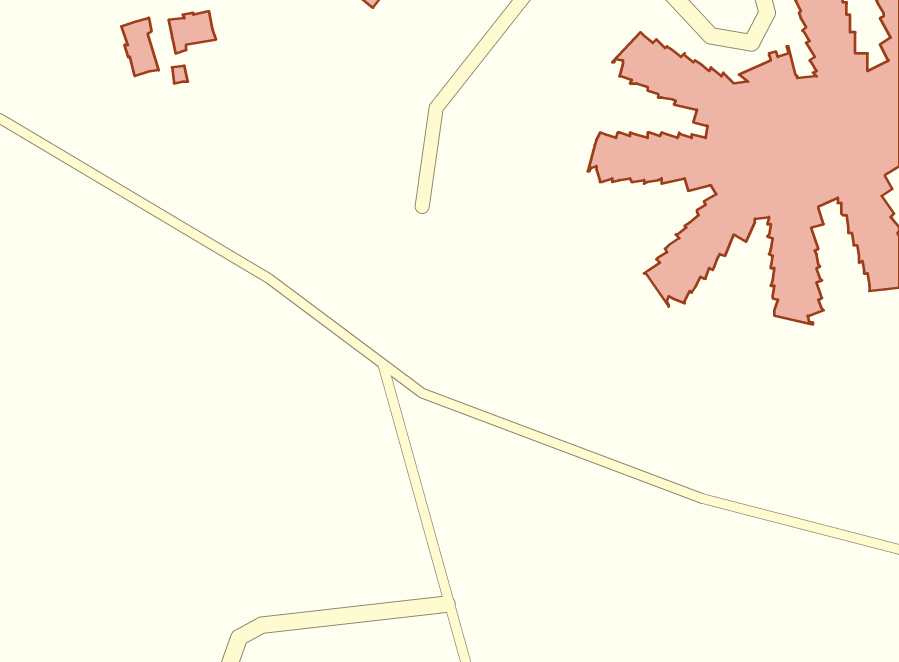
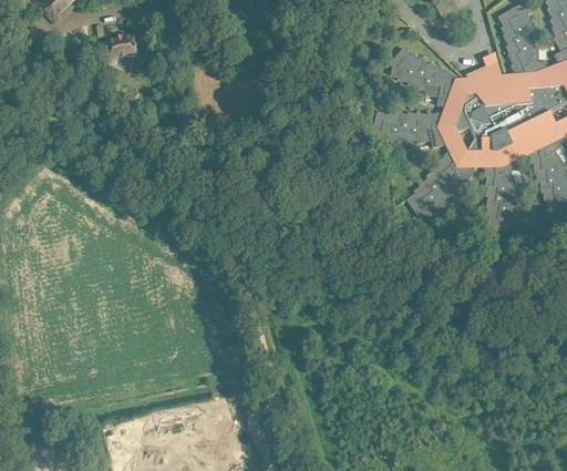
building: [121,18,159,76] -> none

